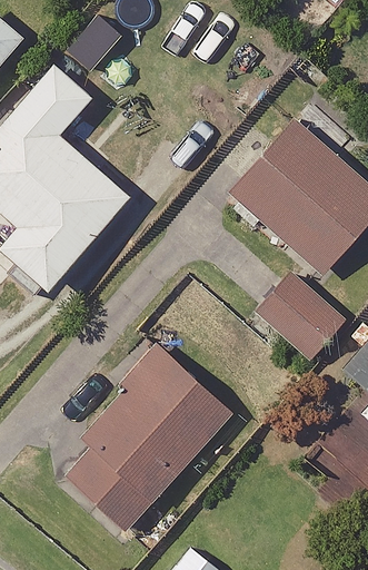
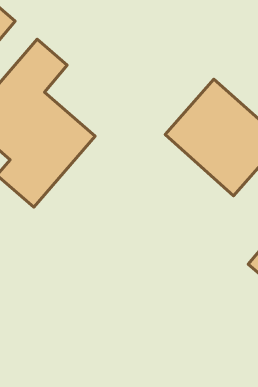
building: [255,272,347,362] -> none
building: [67,346,231,528] -> none

